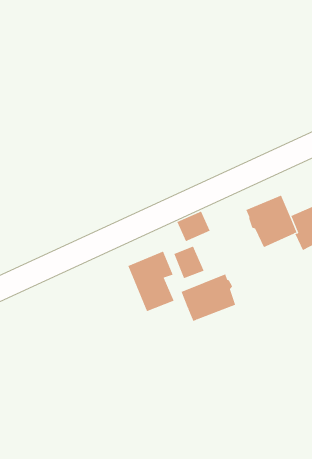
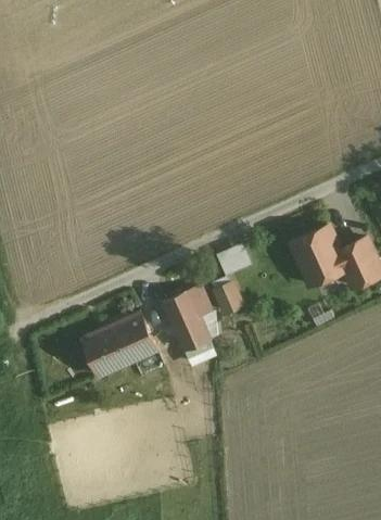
building: [181,273,236,322] -> none
building: none -> [84,313,156,376]

